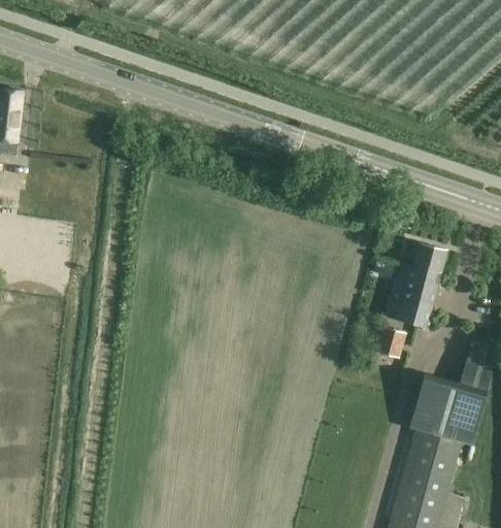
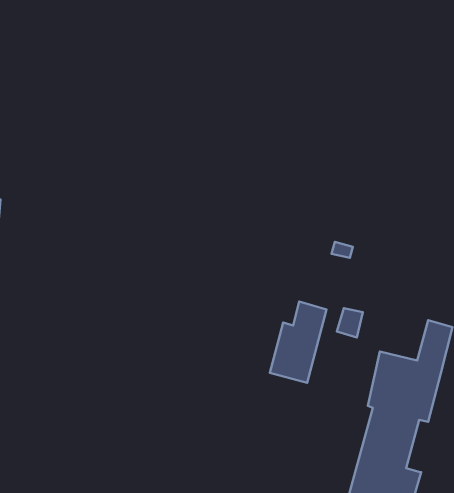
building: [388,244,445,328] -> [270,301,326,383]

